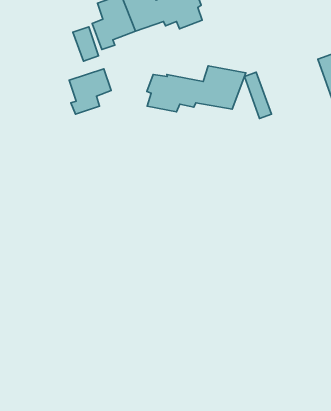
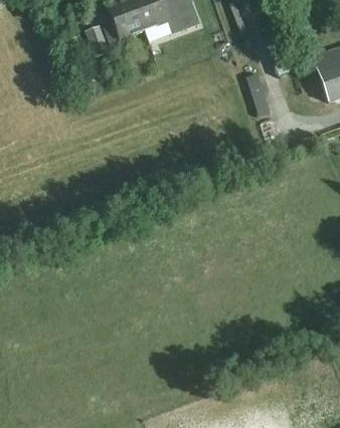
building: [147,66,246,112] -> none
building: [69,69,111,114] -> none

